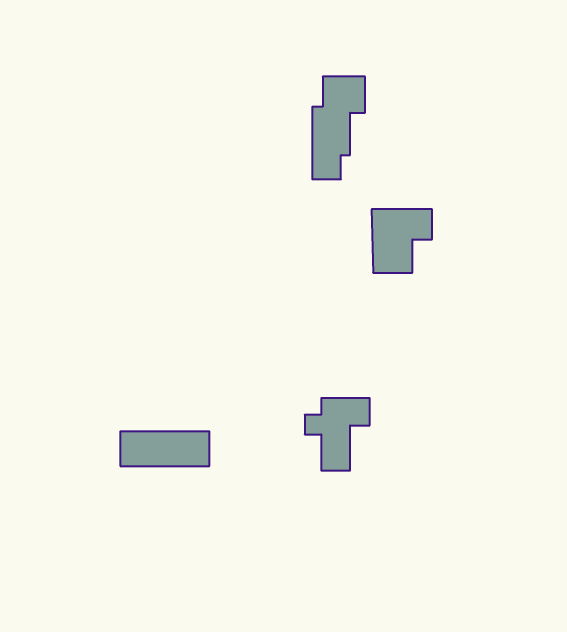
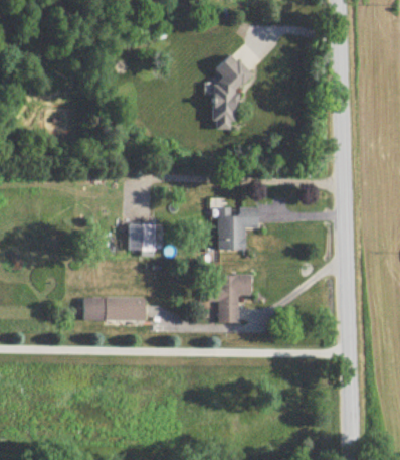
building: [372,209,432,273] -> [218,206,258,249]
building: none -> [129,224,156,250]

